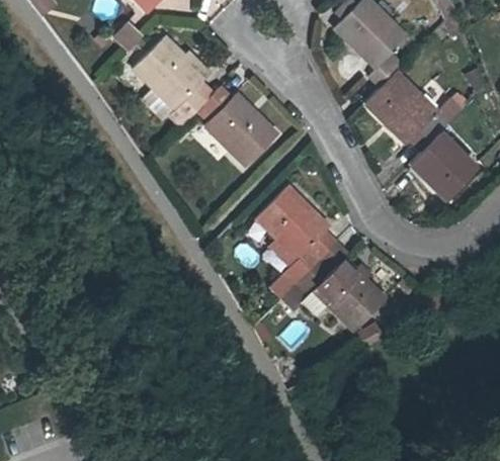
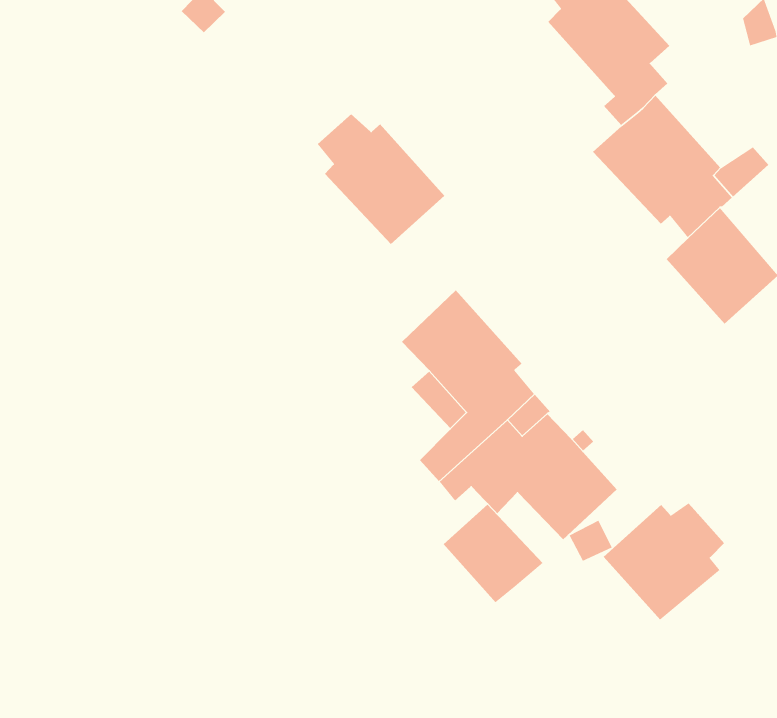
building: [137,37,216,117] -> none
building: none -> [603,503,725,621]
building: none -> [443,504,543,603]

